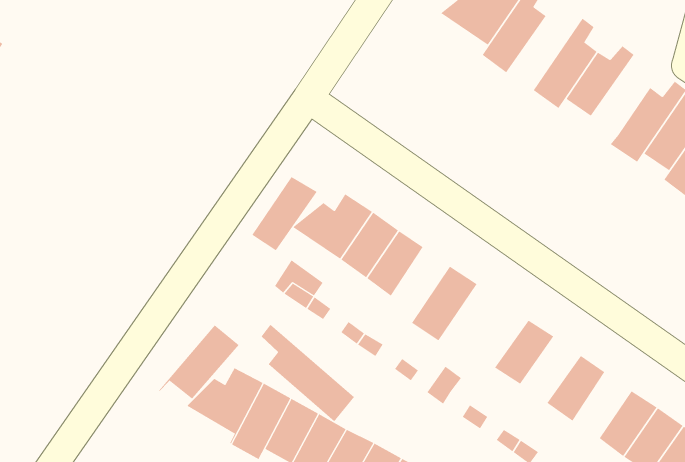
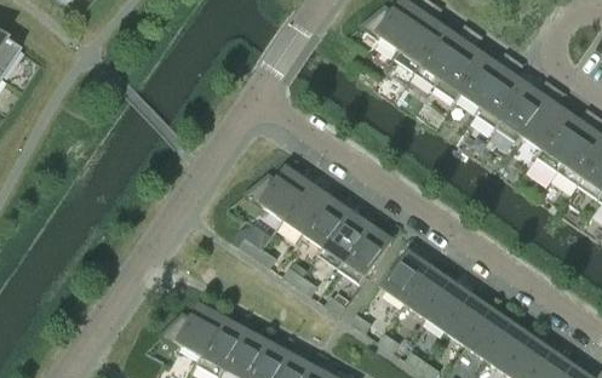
building: none -> [414,22,474,85]
building: none -> [476,57,527,127]
building: [252,176,318,251] -> none
building: none -> [319,208,369,268]
building: none -> [384,250,431,303]
building: [261,324,355,422] -> none
building: [159,325,239,412] -> none
building: none -> [425,279,472,331]
building: none -> [466,307,512,359]

